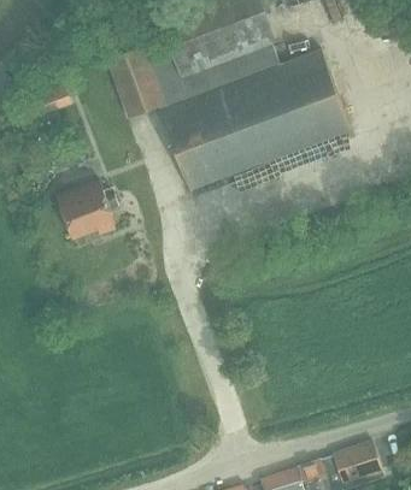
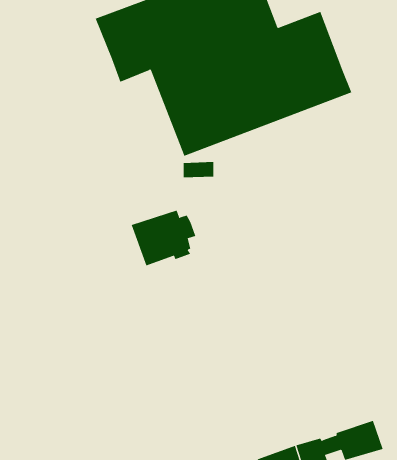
building: [57,187,119,241] -> [131,210,196,266]

